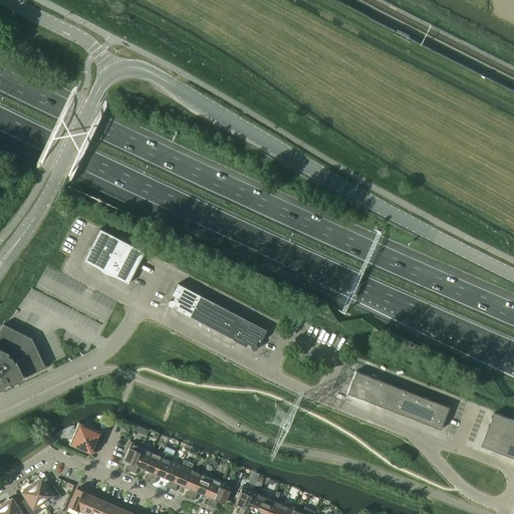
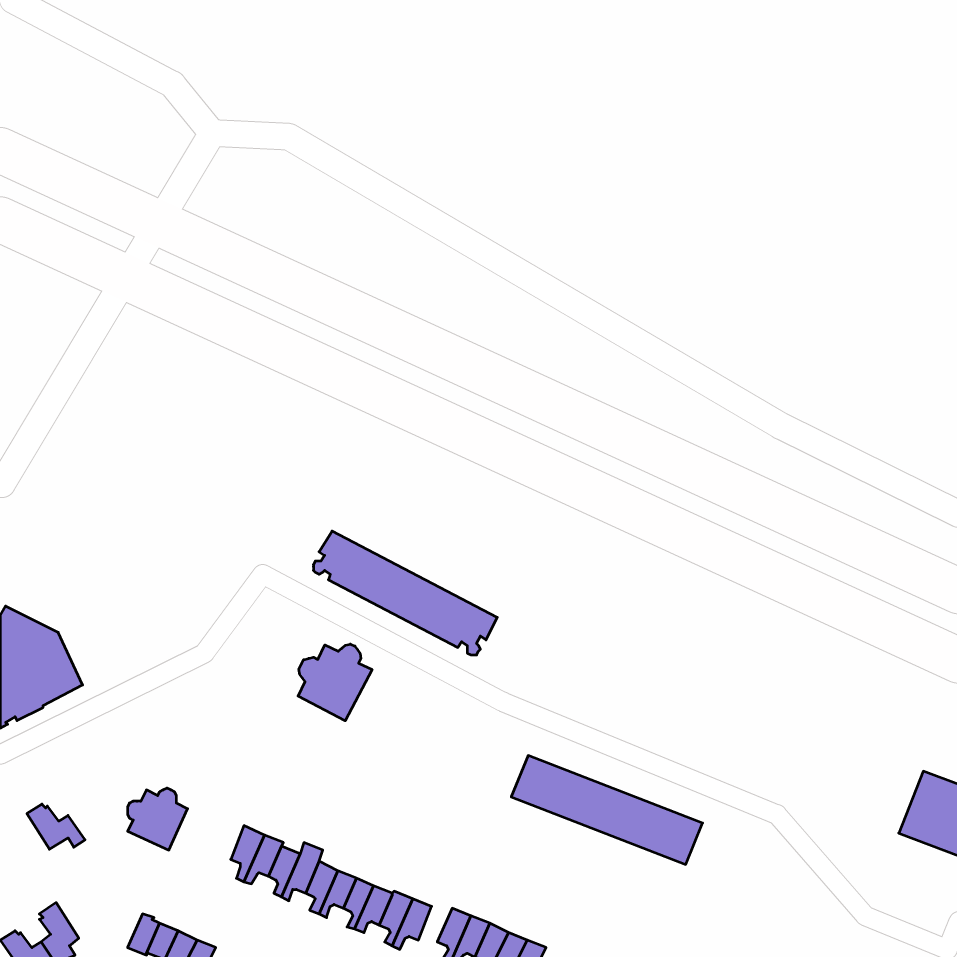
building: [83,230,145,285] -> none
building: none -> [298,644,372,721]
building: [347,372,450,431] -> [511,756,703,864]
building: [31,479,62,503] -> [27,804,85,849]

